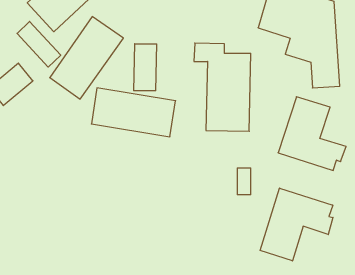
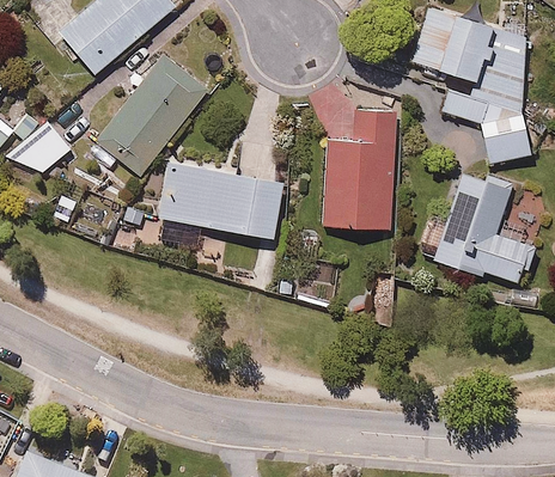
building: [17,21,61,67] -> none
building: [134,44,157,91] -> none
building: [260,188,333,261] -> none

